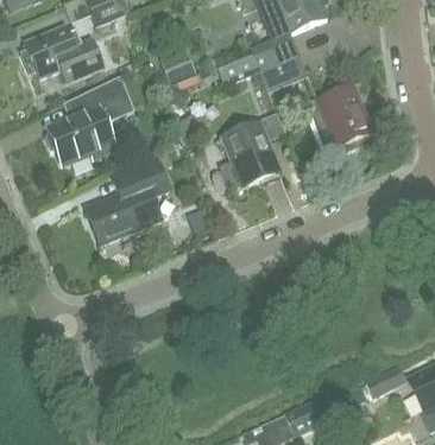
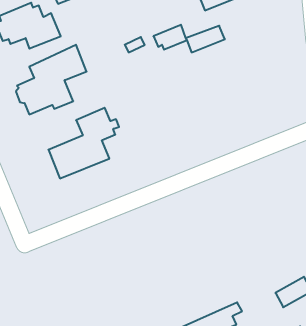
building: [248,36,297,70] -> none
building: [305,82,372,153] -> none
building: [219,114,283,187] -> none

